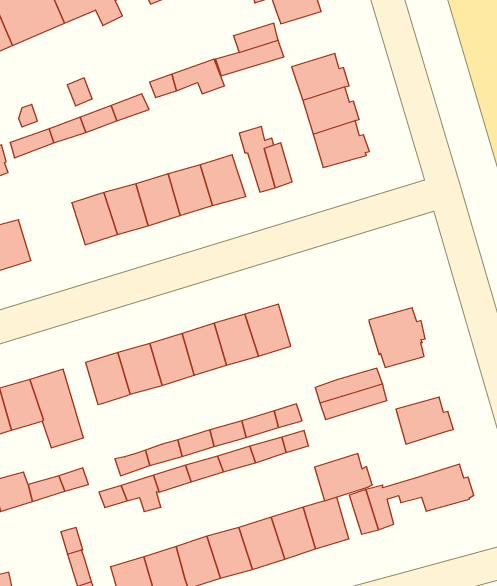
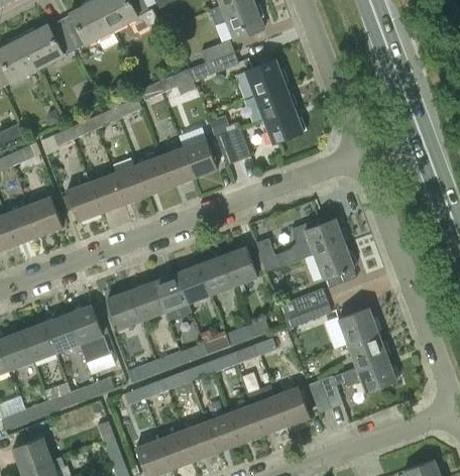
building: none -> [66,182,101,221]
building: none -> [255,218,347,271]
building: [315,454,372,501] -> [347,331,390,367]

